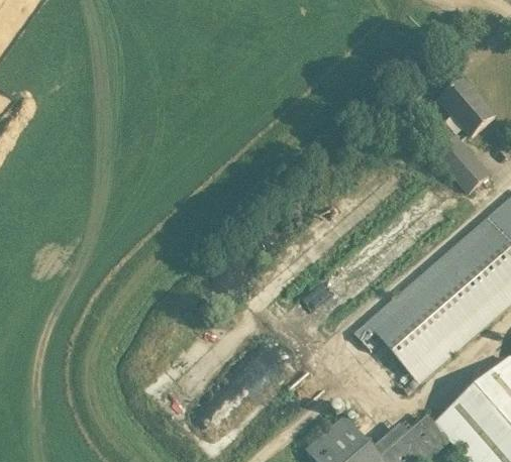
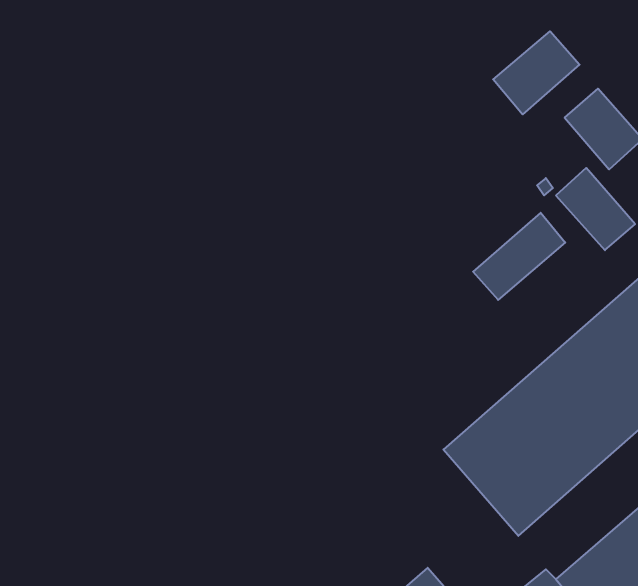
building: none -> [493,31,580,114]
building: none -> [473,213,565,300]

